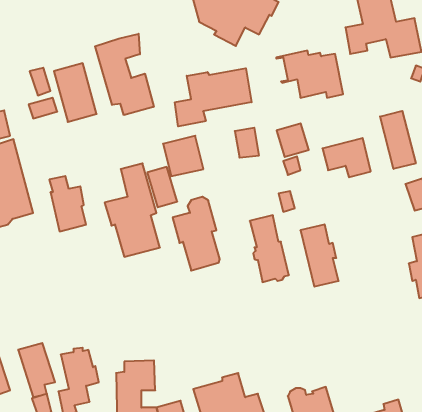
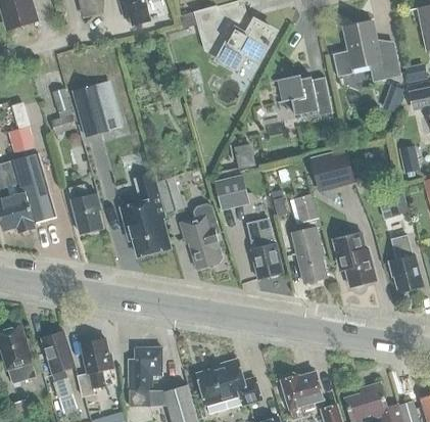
building: [95,34,154,115] -> none
building: [175,68,252,126] -> none
building: [380,111,416,169] -> none
building: [277,123,309,157] -> [290,194,319,224]
building: [163,136,203,176] -> [214,175,250,210]
building: none -> [332,233,376,287]

